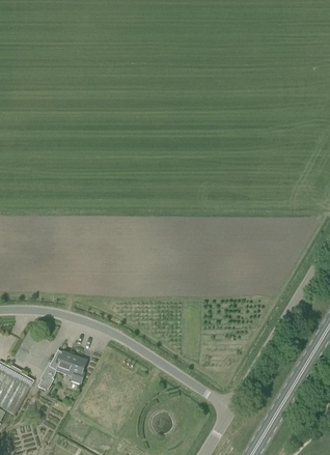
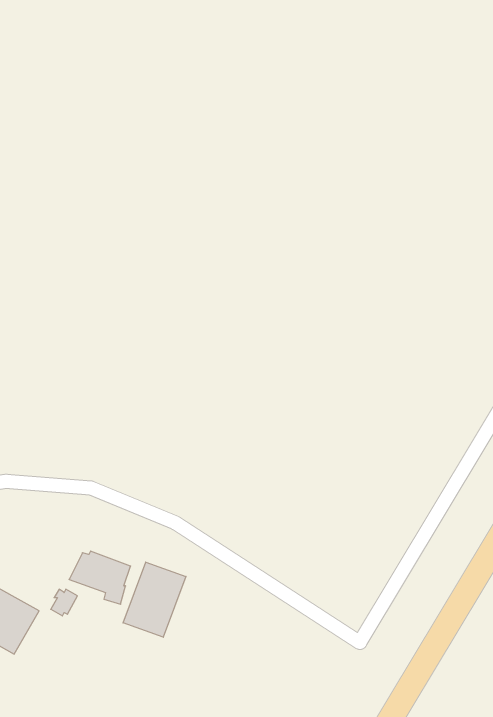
building: none -> [123,562,186,637]

